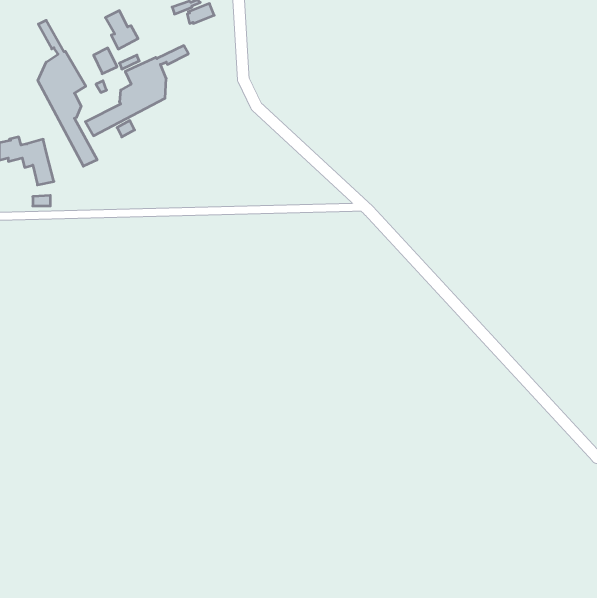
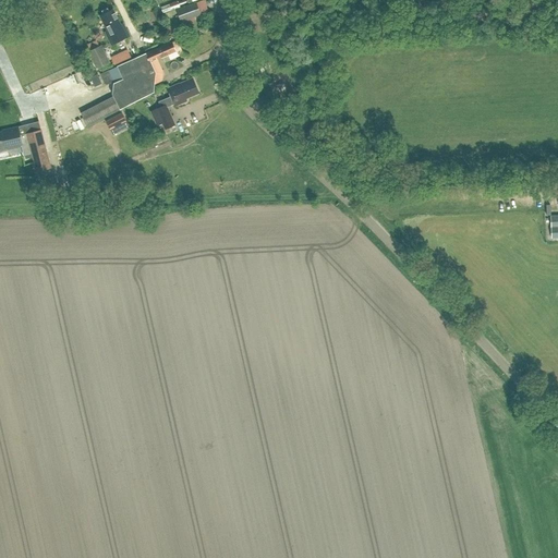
building: [38,20,97,166] -> none
building: none -> [155,78,198,130]

